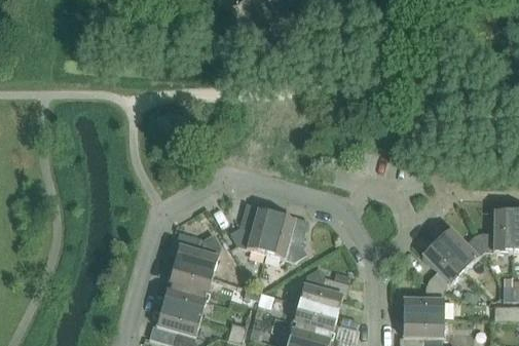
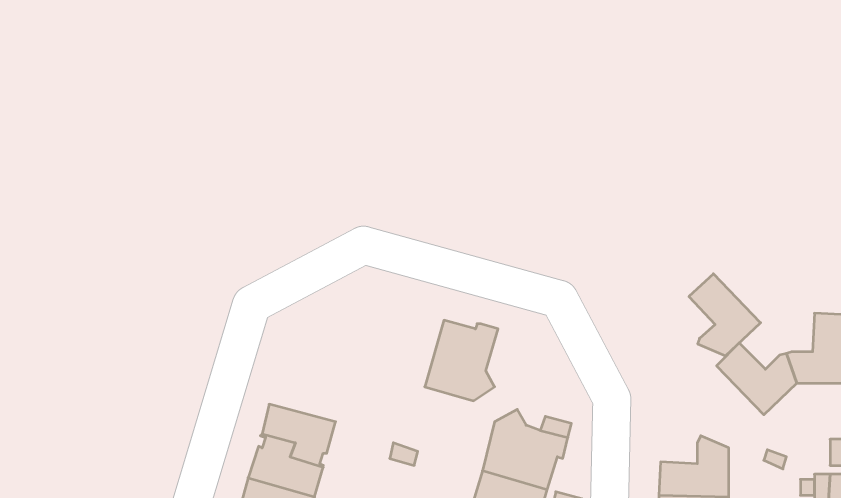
building: [230,202,276,254] -> none
building: [174,231,221,274] -> none
building: [422,241,465,290] -> [689,274,761,356]

